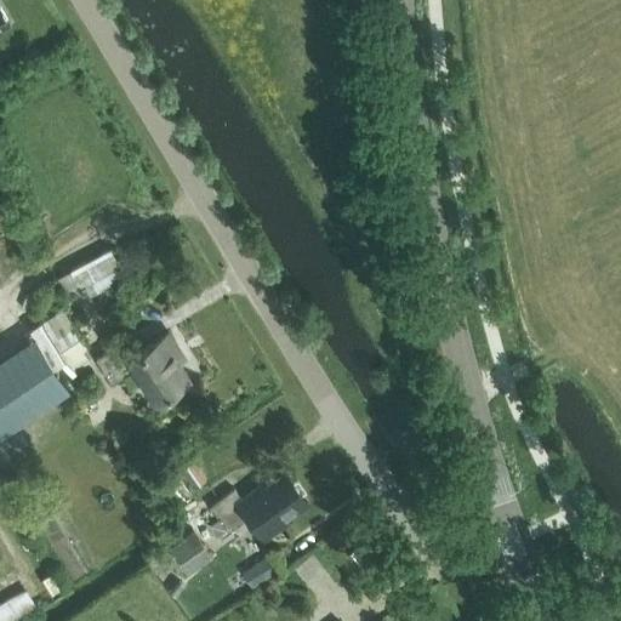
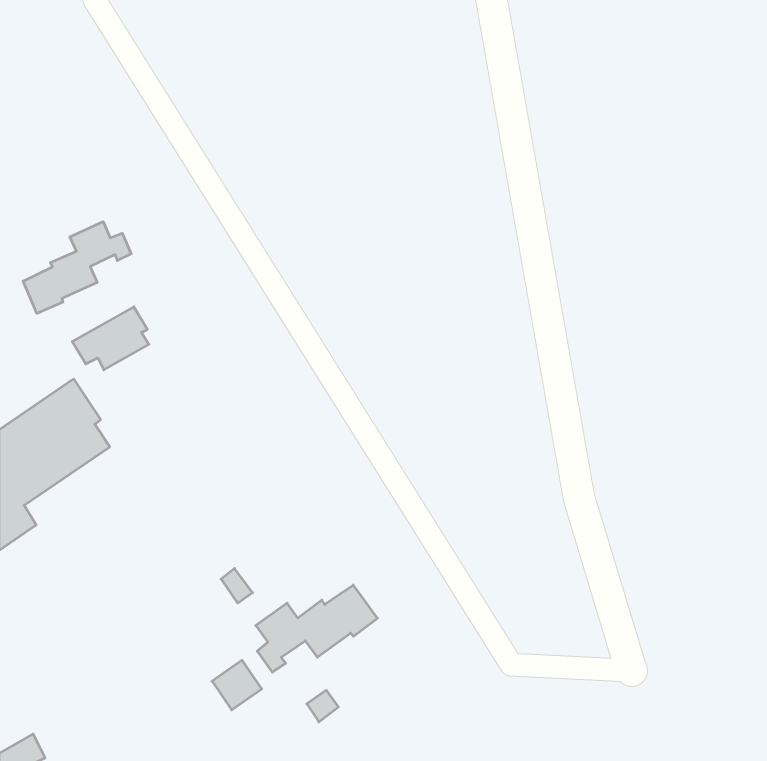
building: none -> [23,222,131,313]
building: [95,340,187,405] -> none

